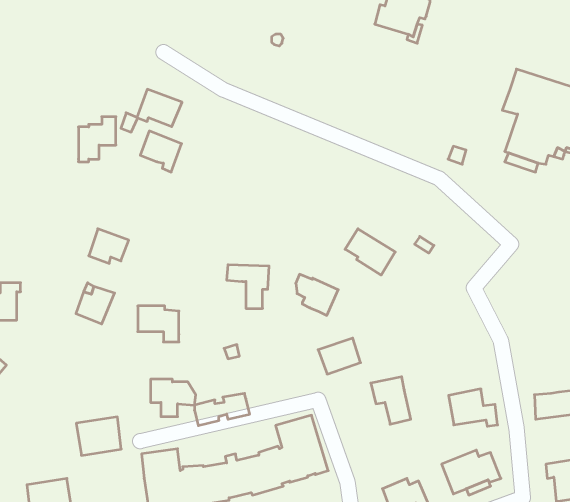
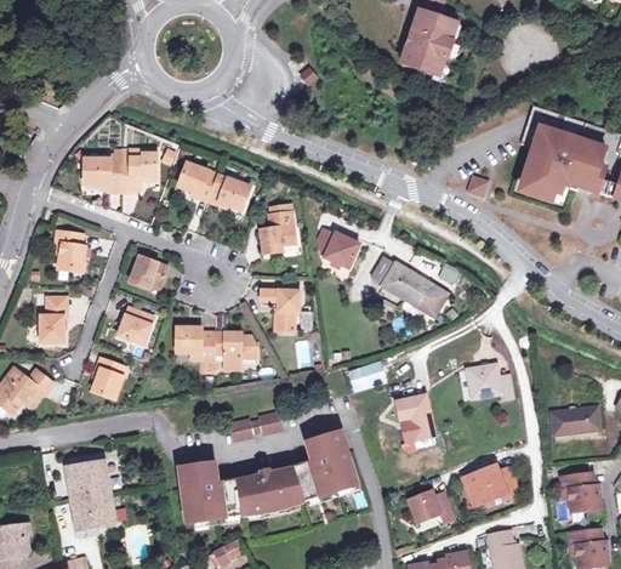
building: [137,89,182,127] -> [207,175,250,210]
building: none -> [84,154,120,189]
building: none -> [260,212,295,254]
building: none -> [55,231,85,271]
building: none -> [405,277,446,315]
building: [296,274,338,315] -> [319,229,359,268]
building: none -> [92,357,125,397]
building: [151,379,196,417] -> [215,332,257,368]
building: [449,389,498,426] -> [466,363,512,398]
building: [76,417,121,455] -> [67,460,109,496]

